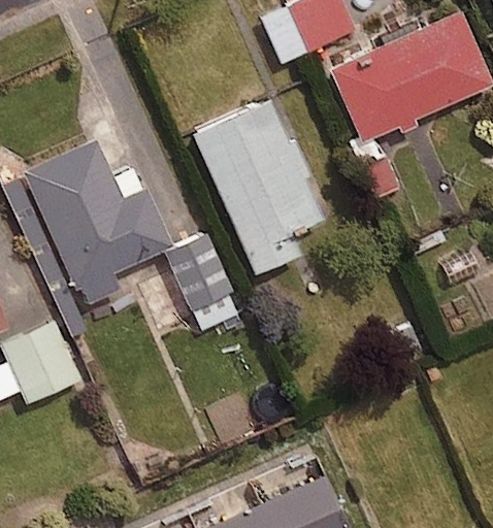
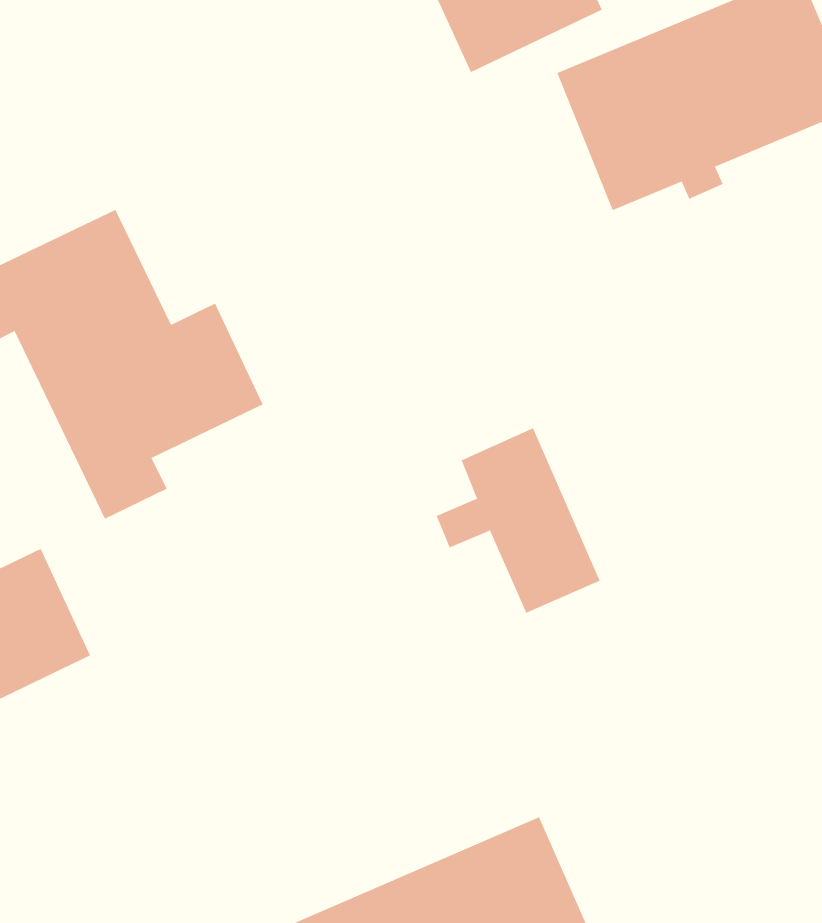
building: [192,97,326,272] -> none
building: [155,234,243,334] -> [436,428,601,613]

